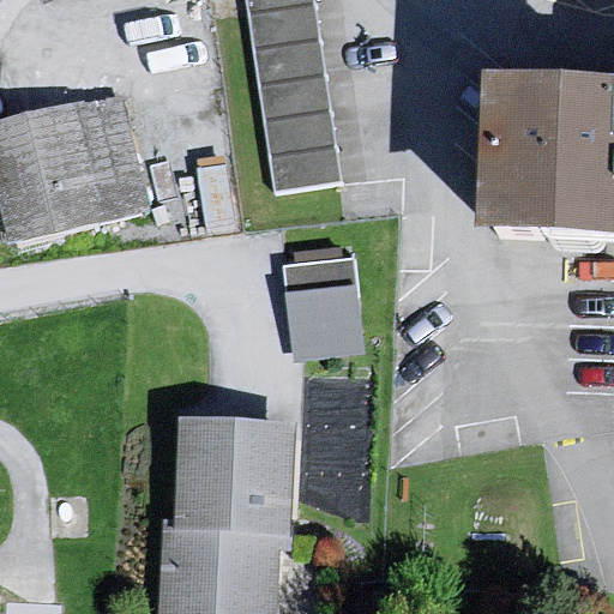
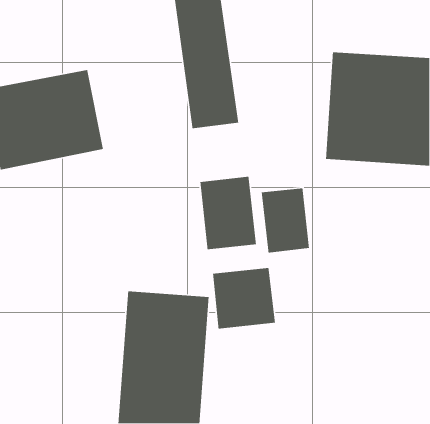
building: none -> [261,188,310,253]
building: none -> [212,267,276,329]

